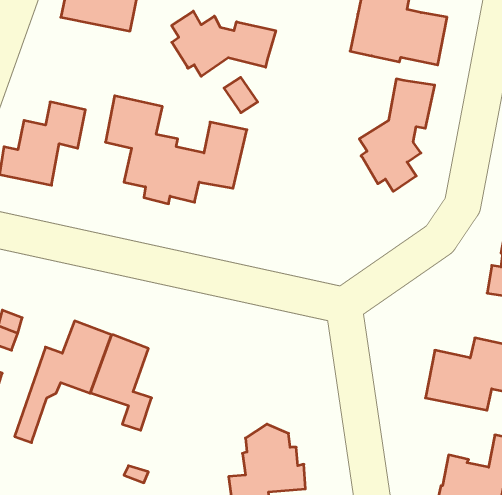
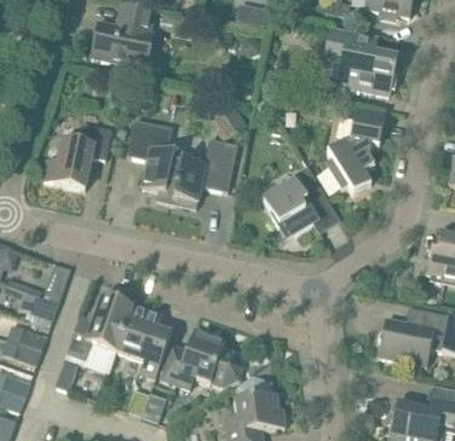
building: [172,11,276,76] -> none
building: none -> [261,169,327,233]
building: none -> [161,327,242,388]

